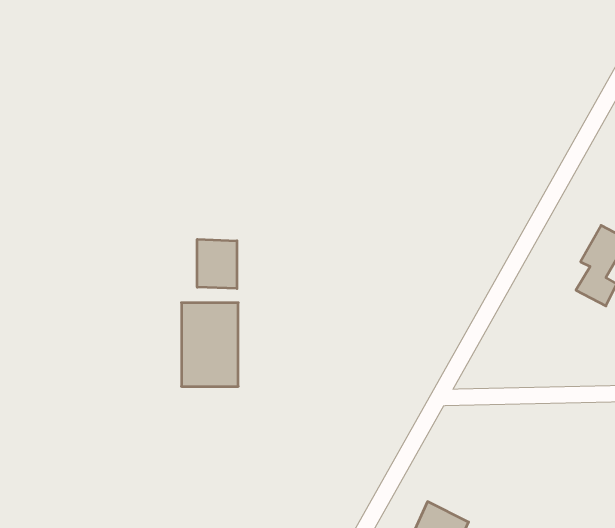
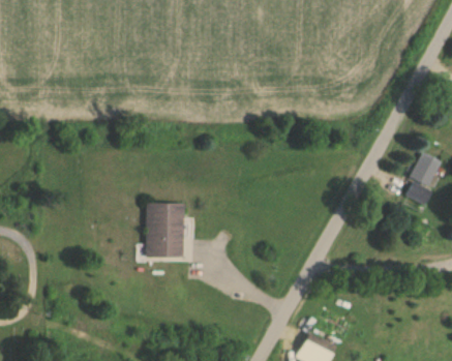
building: [197,239,237,289] -> none

